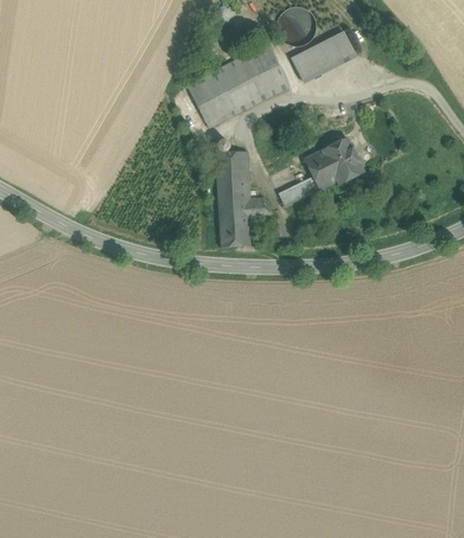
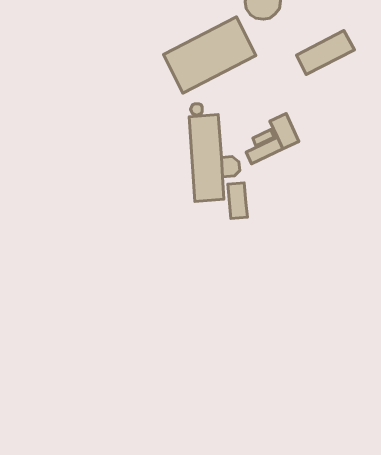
building: [291,31,355,79] -> [296,31,354,75]
building: [322,136,363,184] -> none
building: none -> [228,183,247,218]

